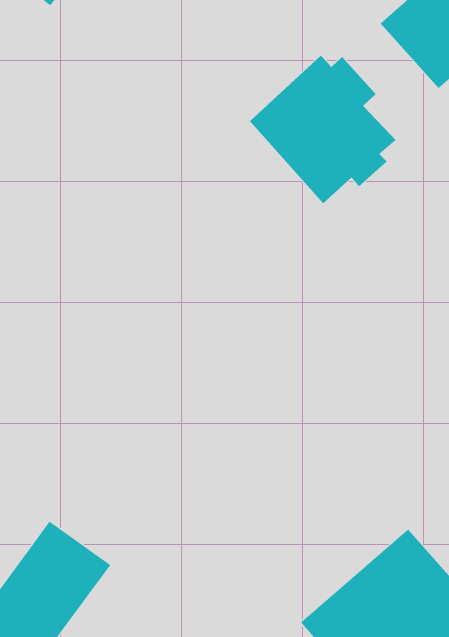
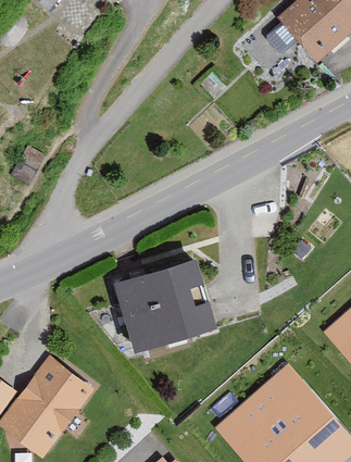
building: [249,55,396,204] -> none
building: none -> [104,258,204,351]

